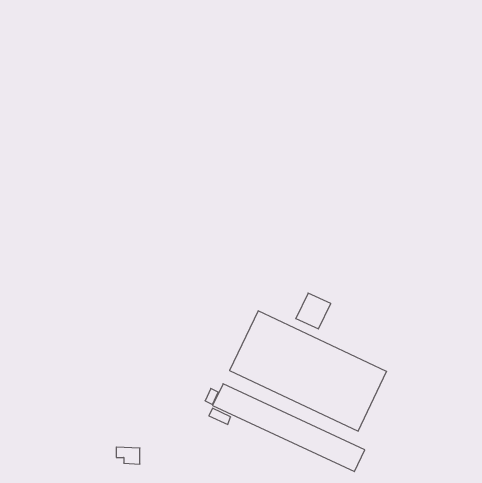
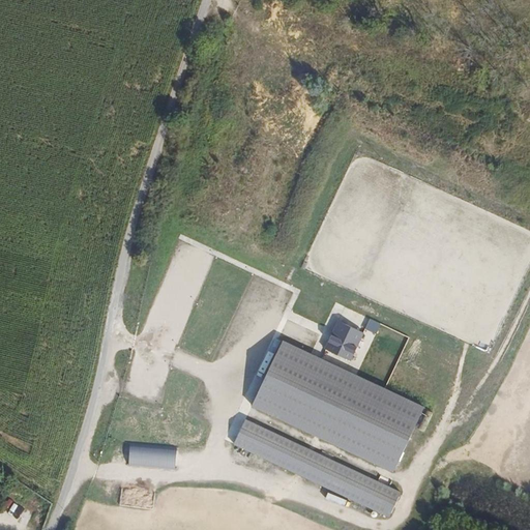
building: none -> [127,445,176,467]

